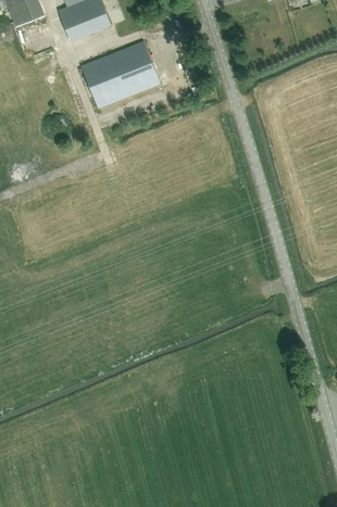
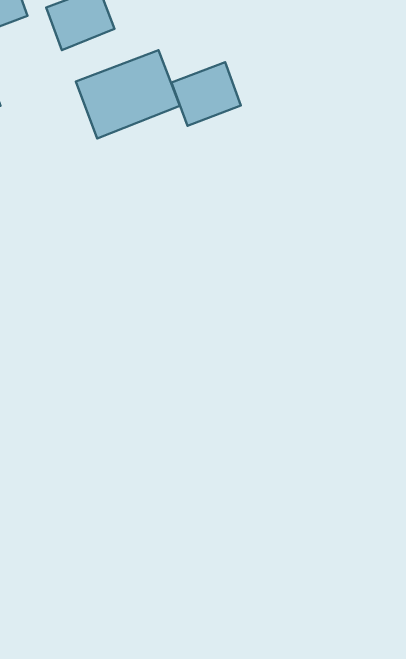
building: none -> [172,62,241,126]

